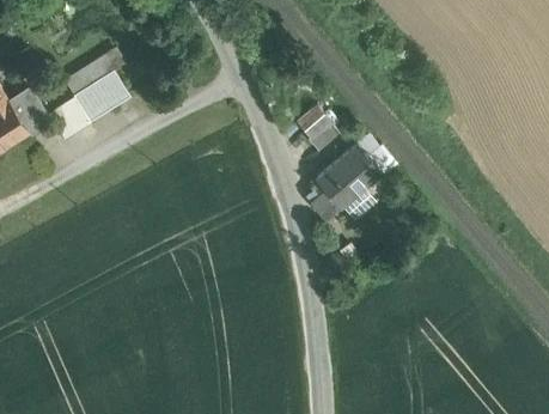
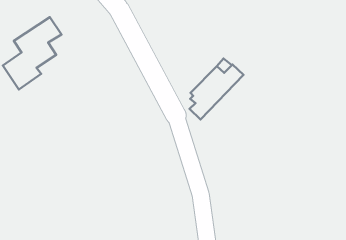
building: [293,102,336,146] -> none

